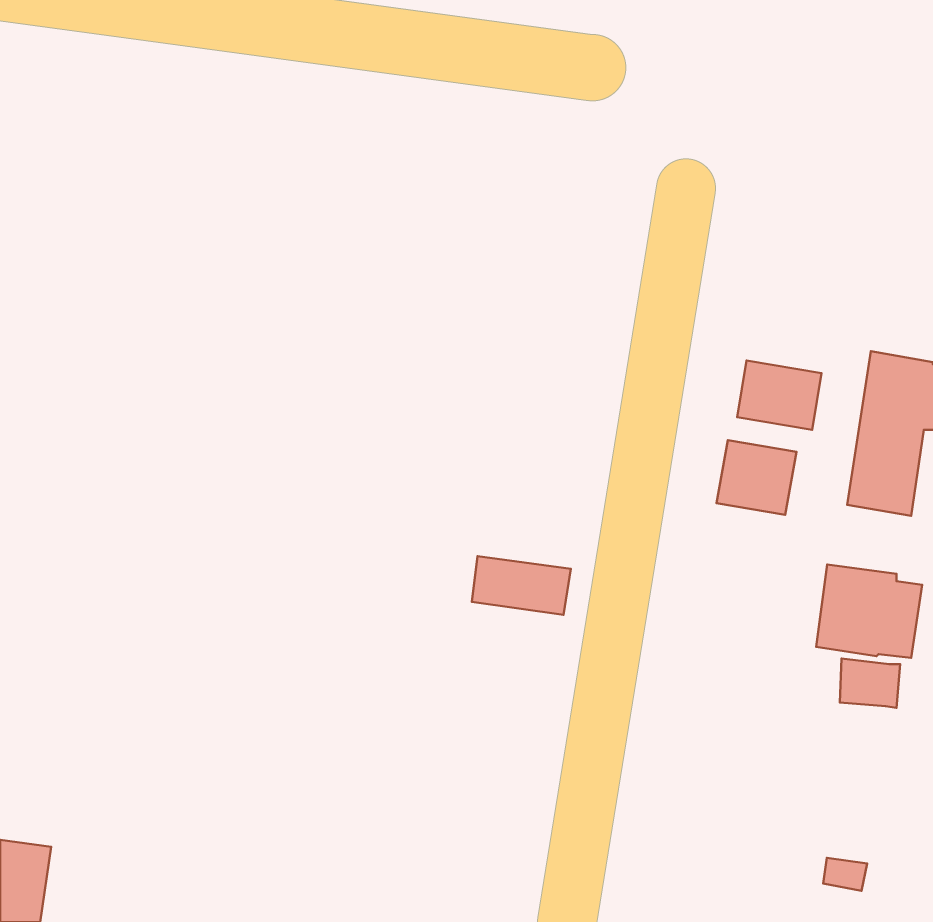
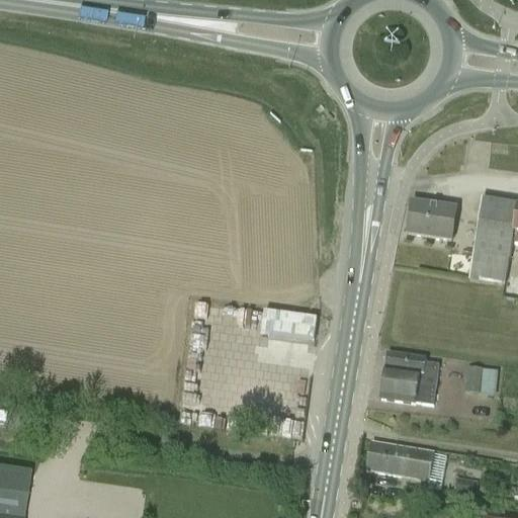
building: [716,440,796,515] -> none
building: [816,565,922,658] -> [381,350,440,402]
building: none -> [367,439,434,478]

